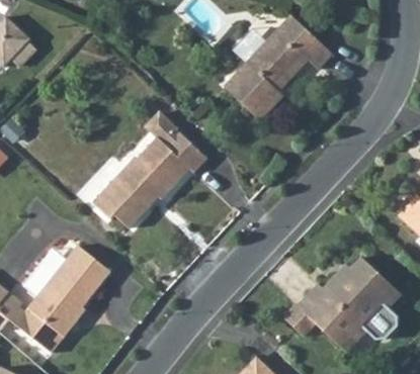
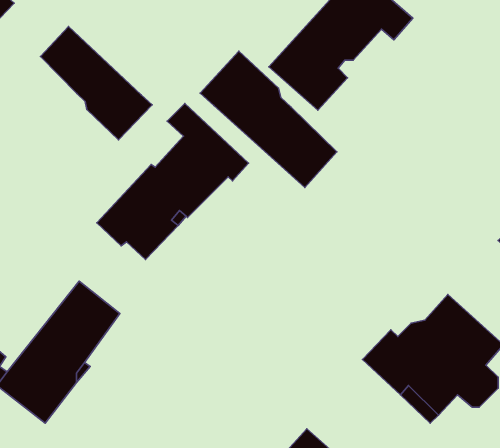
building: none -> [41,27,152,140]
building: none -> [200,51,337,188]

